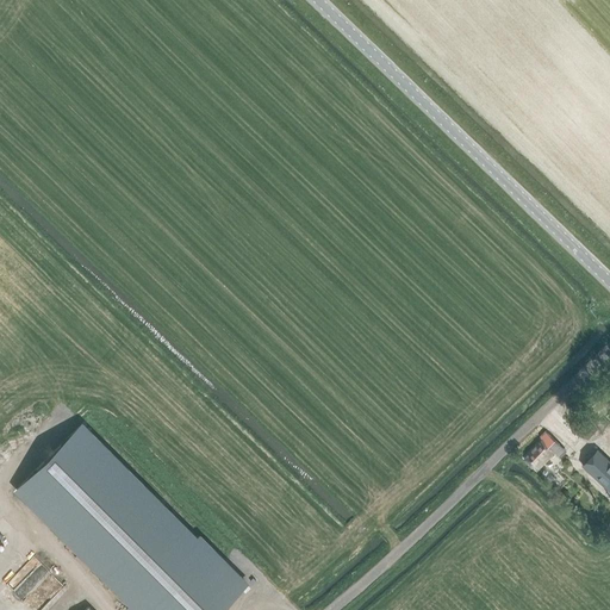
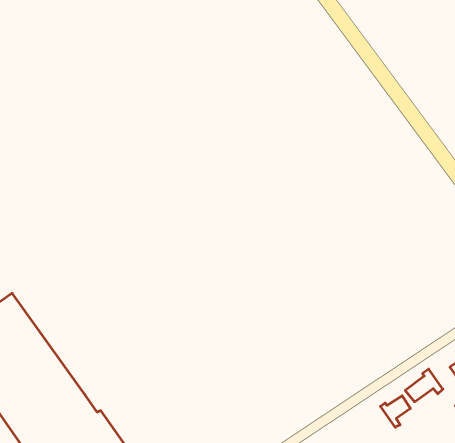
building: none -> [380,396,410,427]

